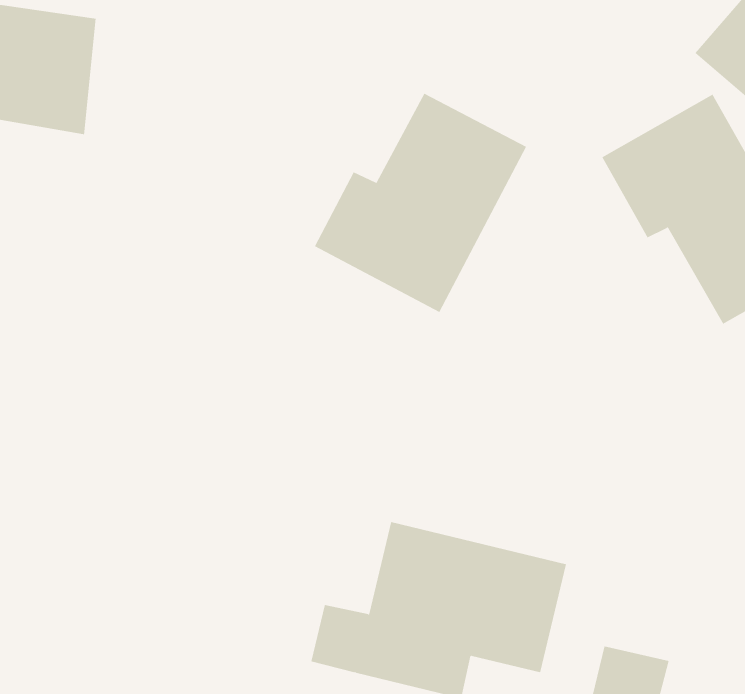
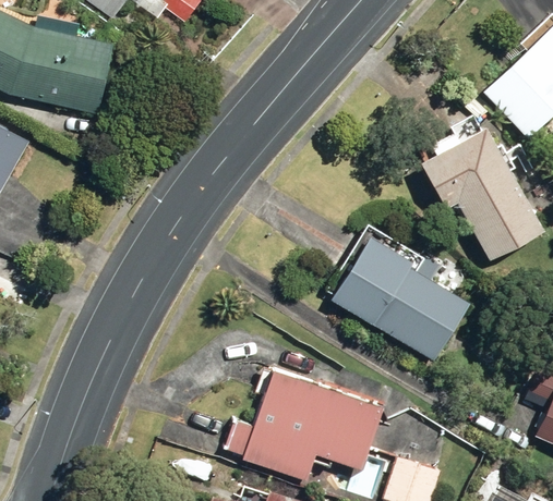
building: [314,93,527,313] -> none
building: none -> [325,229,479,364]

